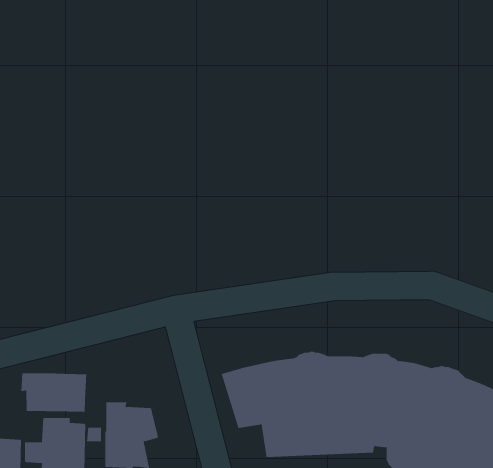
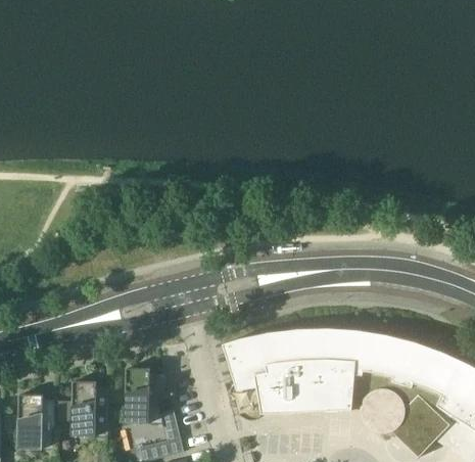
building: [21,373,89,413] -> none

